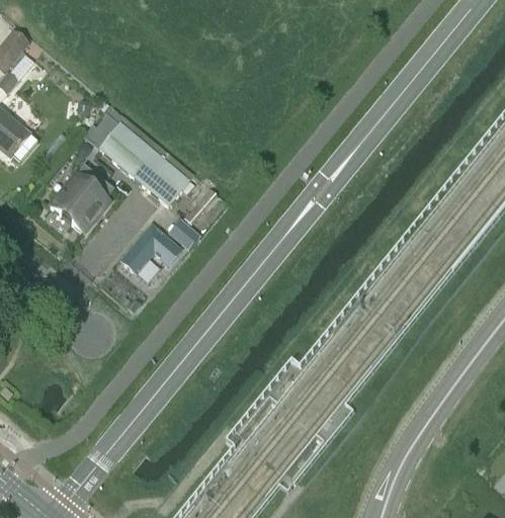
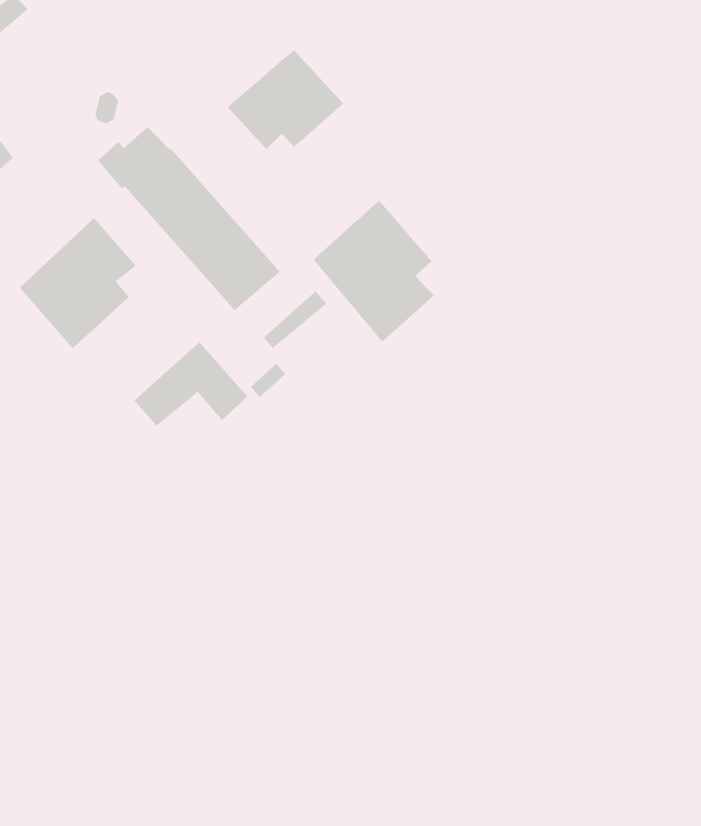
building: none -> [227,49,344,150]
building: none -> [313,200,435,342]

